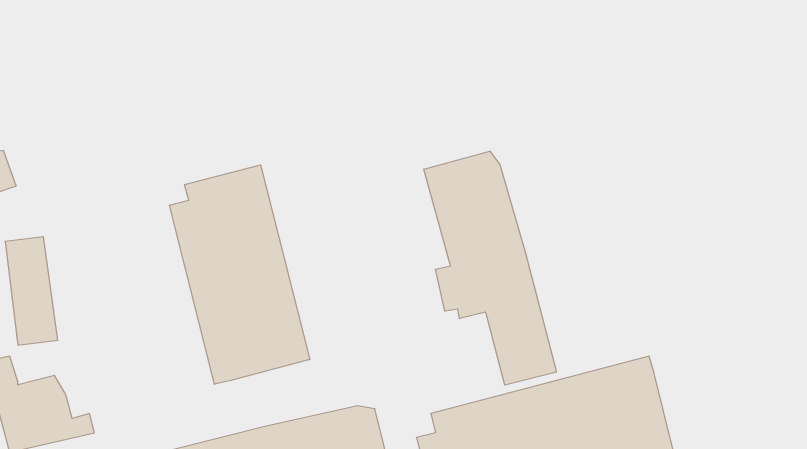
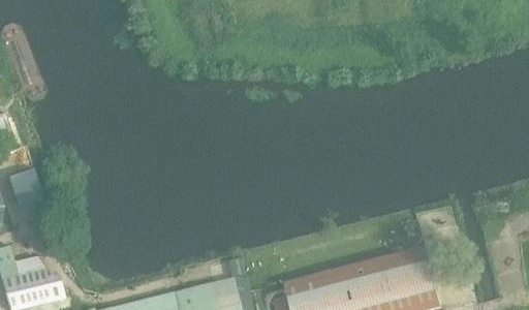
building: [424,151,557,385] -> none
building: [169,165,310,384] -> none

